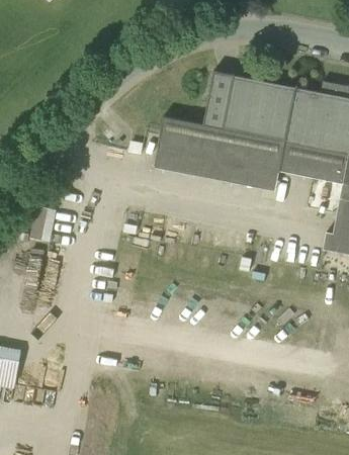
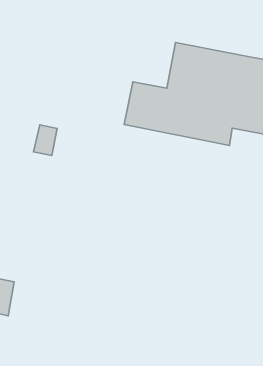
building: [28,207,56,243] -> [34,125,57,155]

